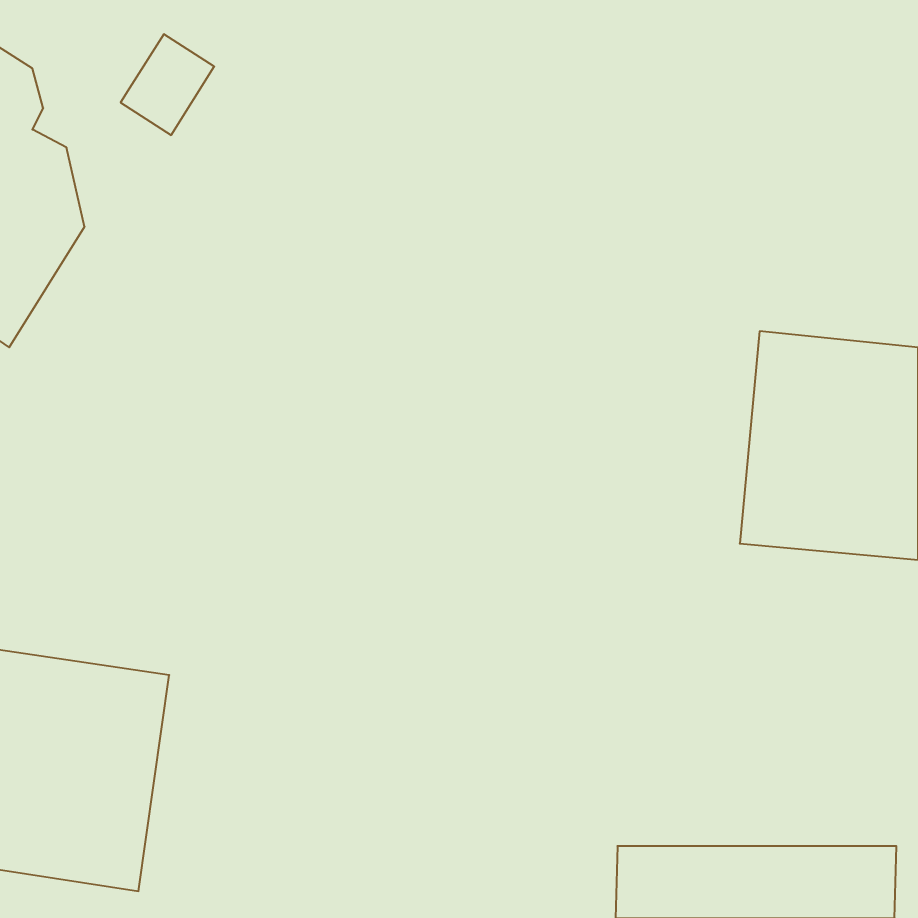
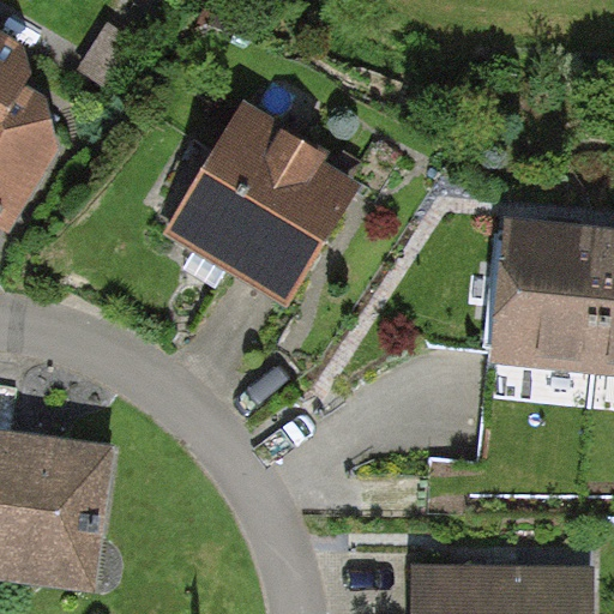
building: none -> [163,104,363,309]

